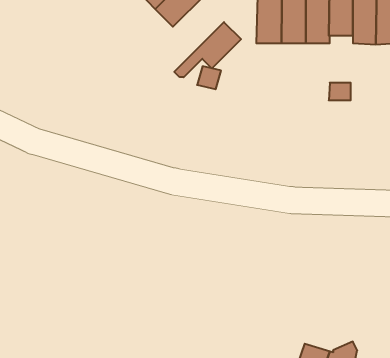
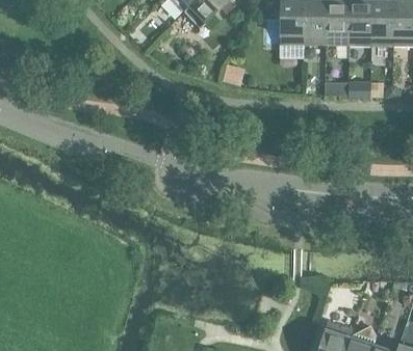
building: [174,22,241,77] -> none

